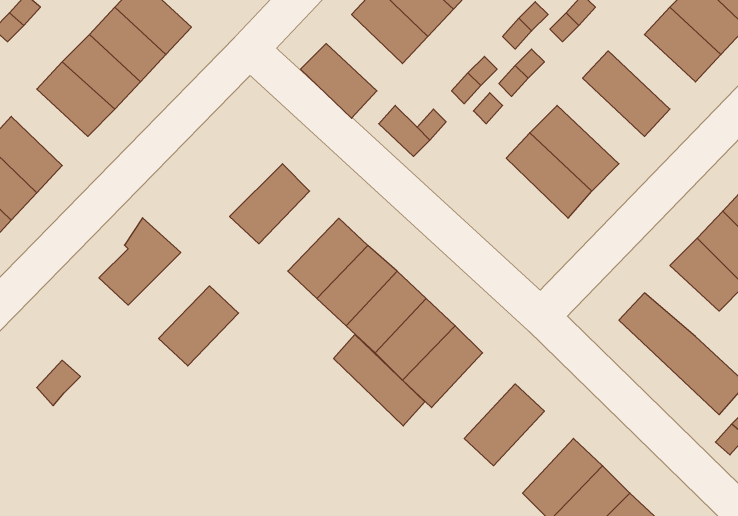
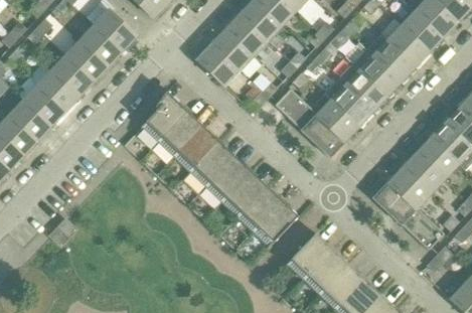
building: none -> [210,28,253,70]
building: none -> [366,33,415,81]
building: none -> [338,63,386,111]
building: none -> [36,69,78,112]
building: none -> [274,88,344,156]
building: [99,218,181,305] -> [141,92,186,140]
building: none -> [386,167,428,206]
building: [159,286,239,366] -> [173,126,217,170]
building: [334,334,425,426] -> none
building: none -> [303,248,347,293]

